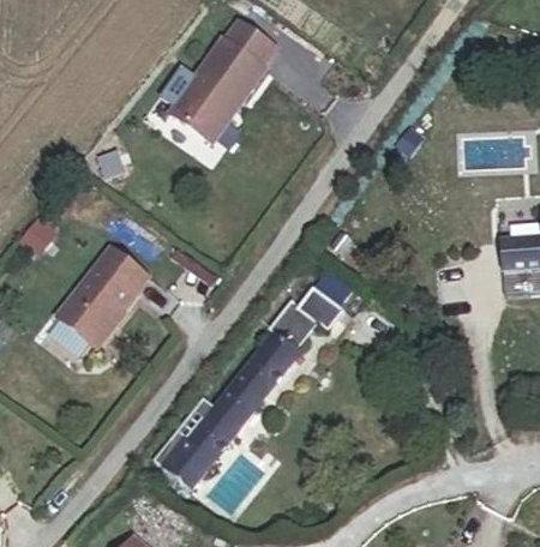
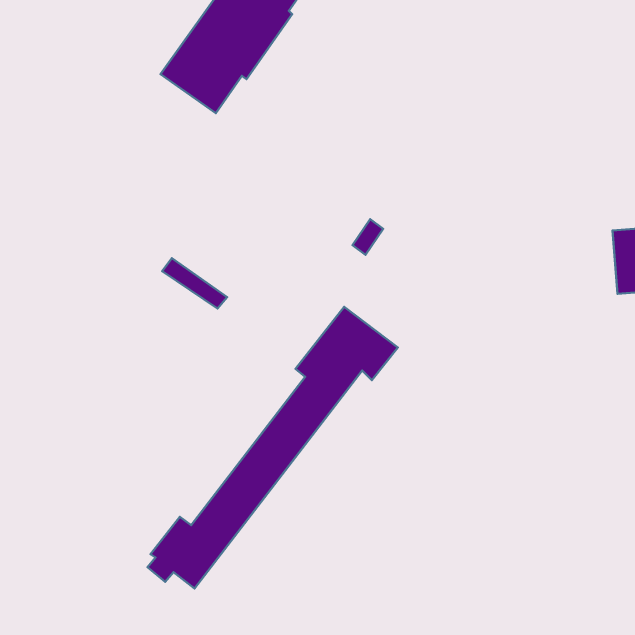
building: [55,246,149,347] -> none

